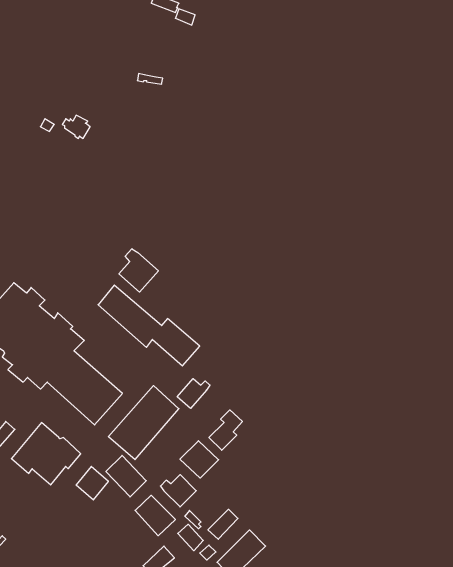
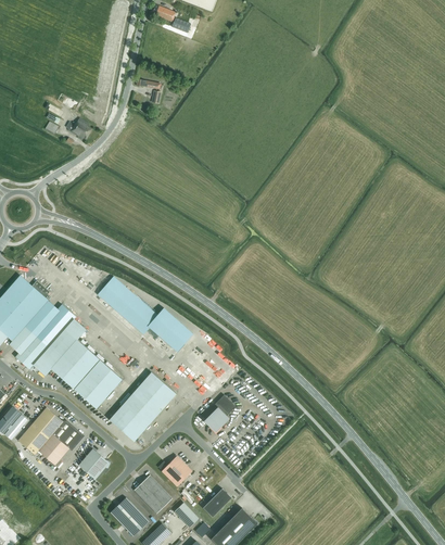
building: [119,249,158,292] -> none
building: [177,379,210,408] -> none
building: [180,441,219,478] -> none
building: [106,455,146,497] -> [111,497,149,536]

